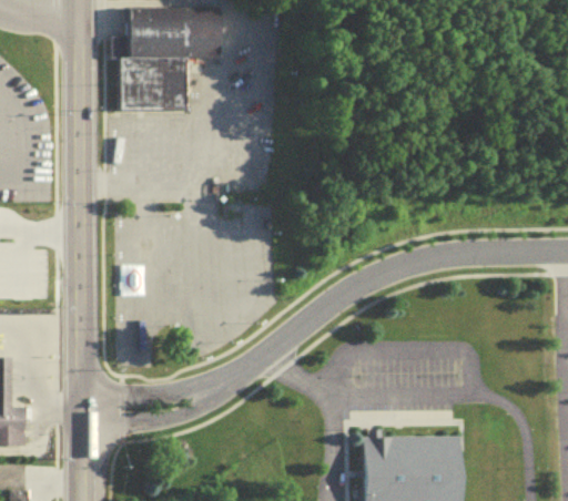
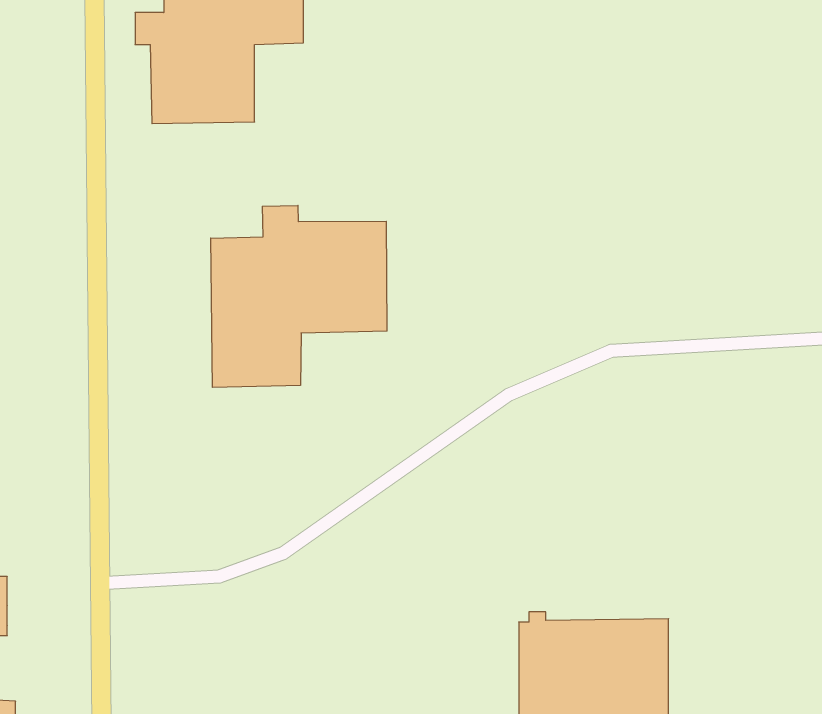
building: none -> [211,205,387,387]

